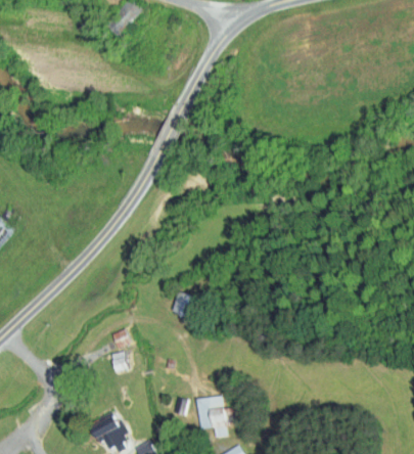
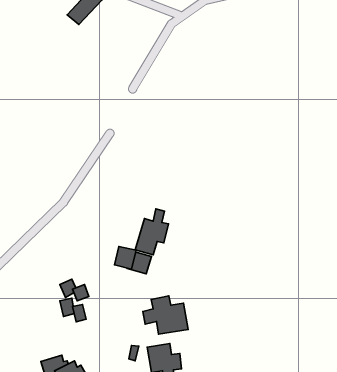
building: none -> [135,209,169,255]
building: none -> [143,296,188,334]

